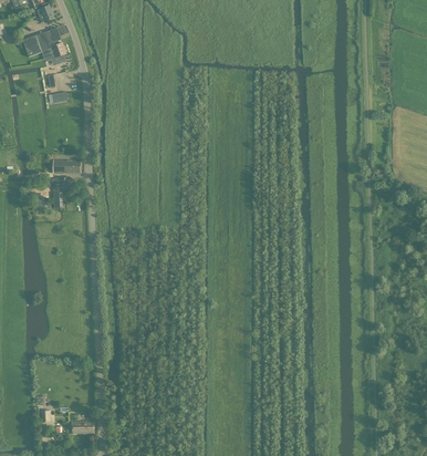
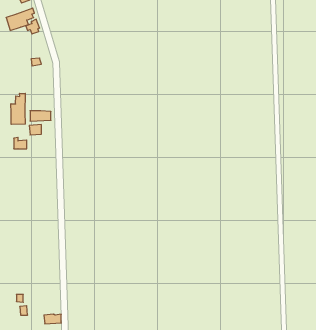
building: none -> [11,93,25,124]

